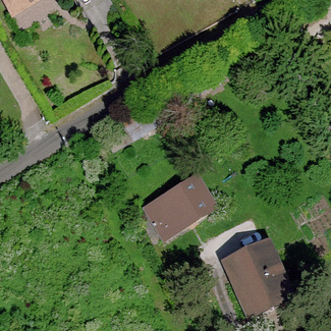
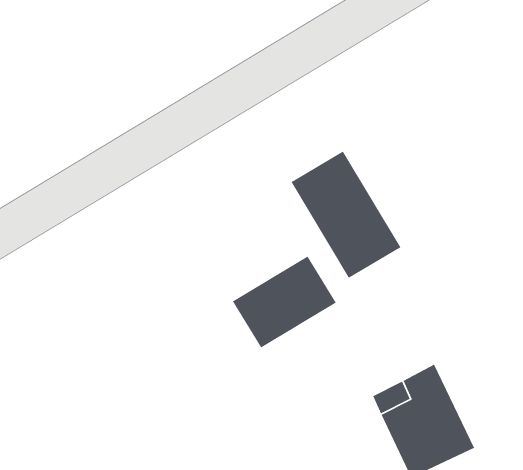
building: none -> [290,150,401,279]

